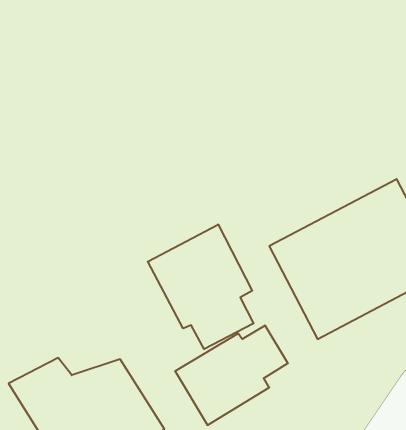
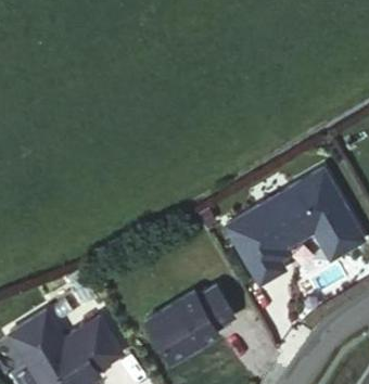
building: [148,224,254,349] -> none

